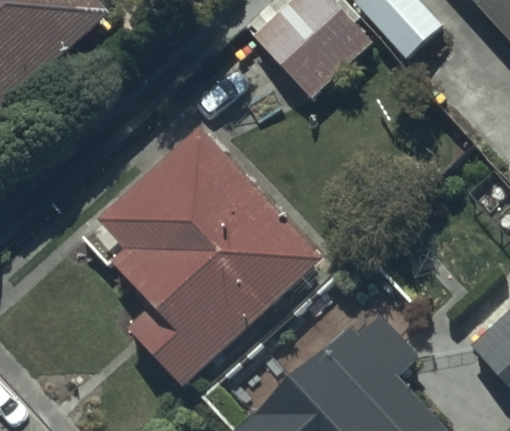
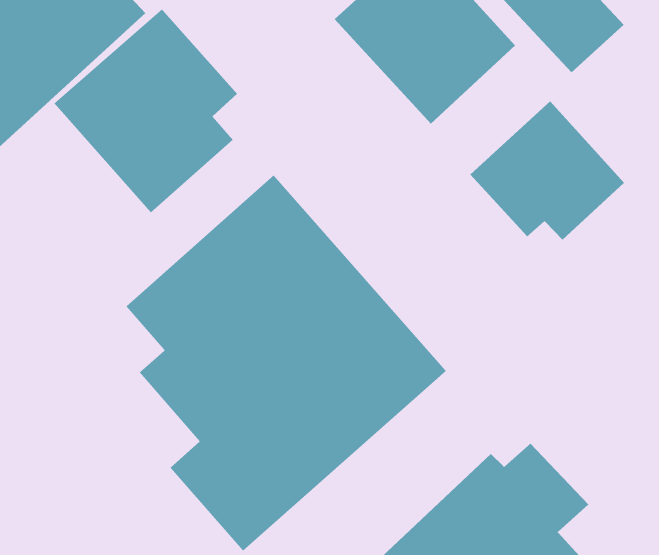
building: none -> [53,9,238,213]
building: none -> [469,100,625,241]

